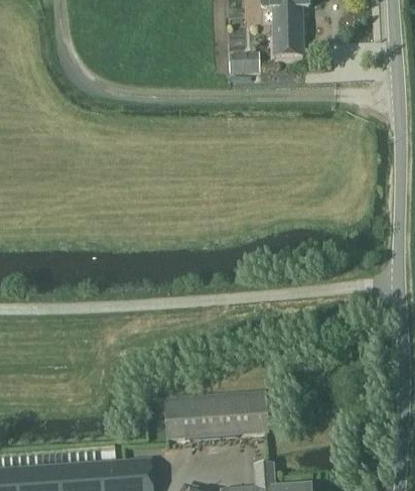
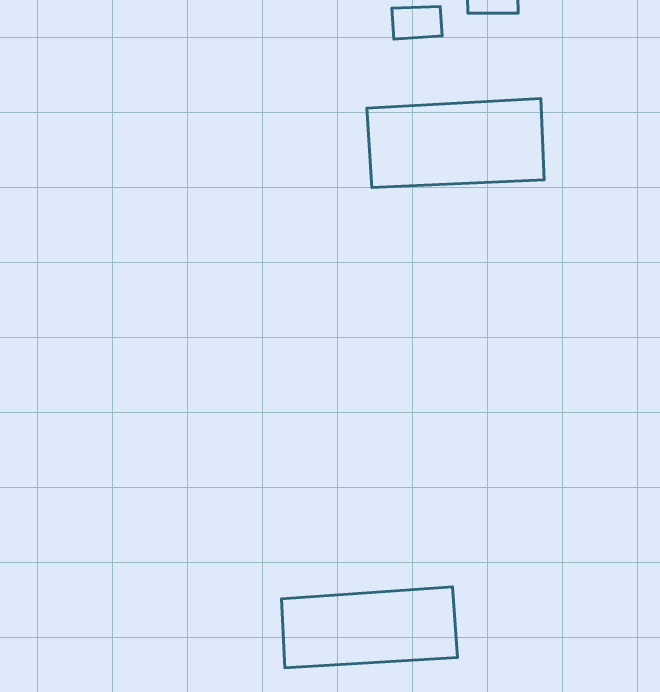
building: none -> [367,98,544,187]

